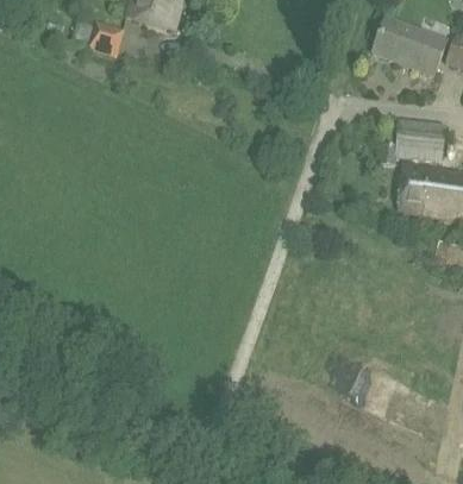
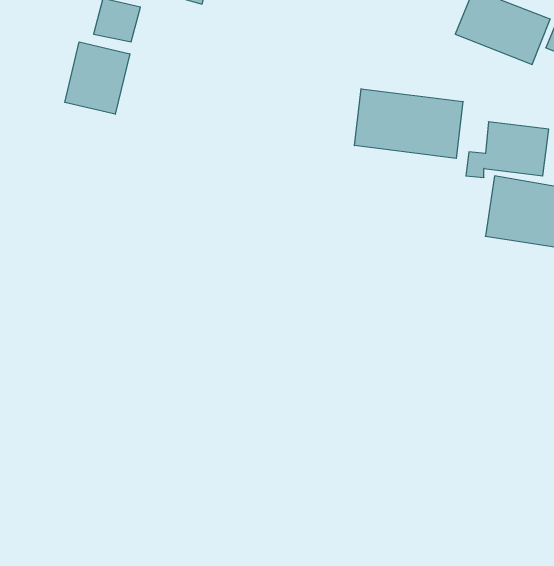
building: none -> [65,42,130,114]
building: none -> [354,89,463,158]

